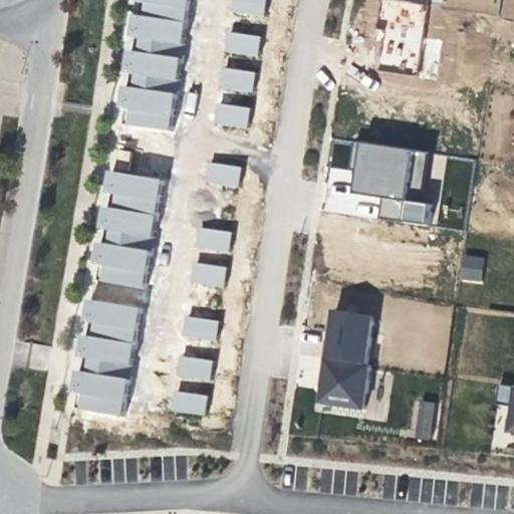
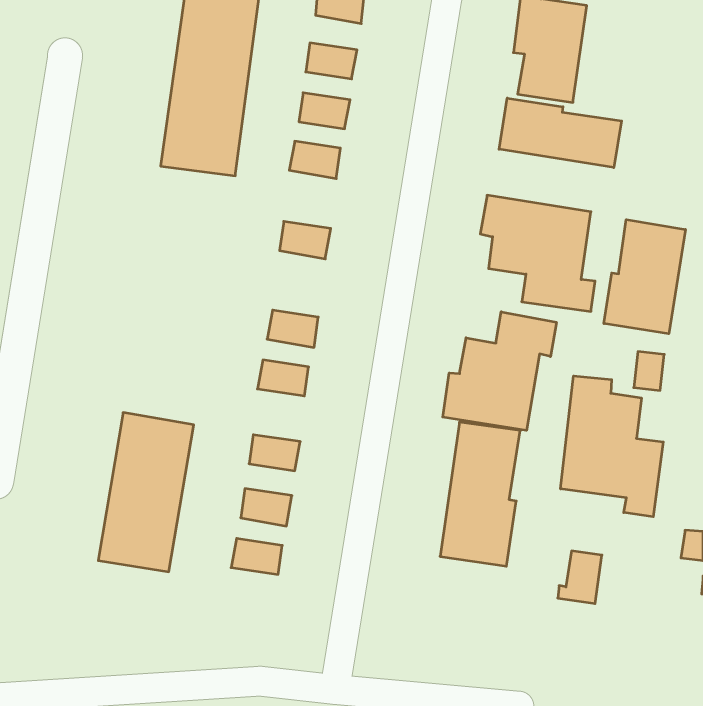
building: none -> [499,98,622,168]
building: none -> [604,220,685,334]
building: [94,172,163,287] -> none
building: none -> [443,312,556,430]
building: none -> [561,376,663,517]

